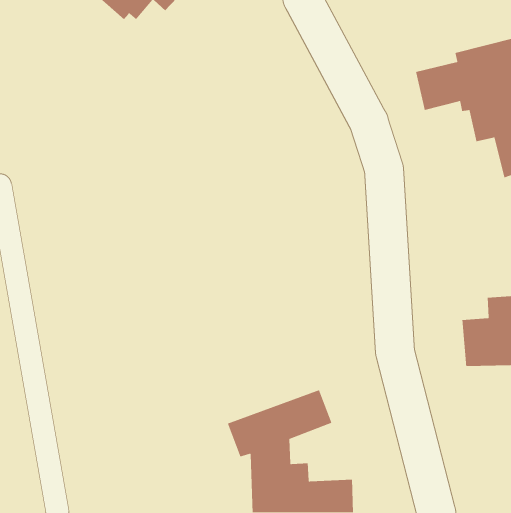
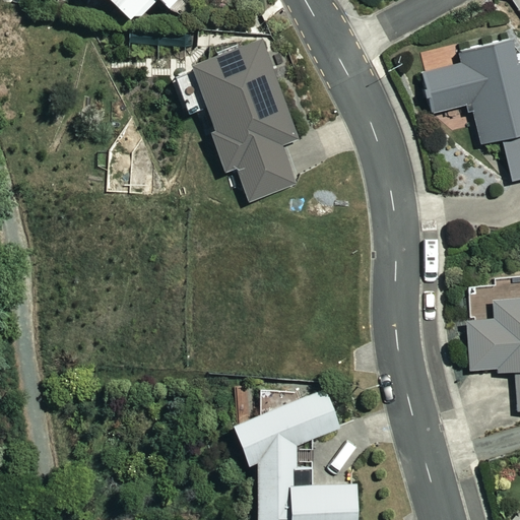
building: none -> [191,40,299,200]

